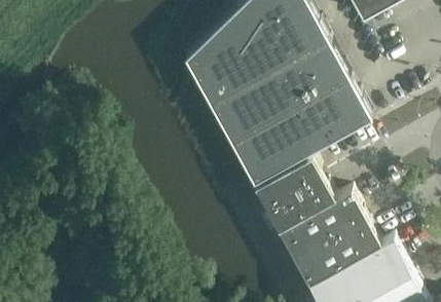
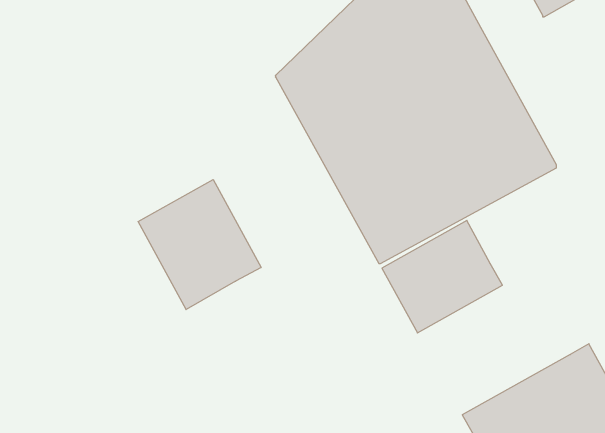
building: none -> [138,180,261,310]
building: [281,194,382,288] -> none

